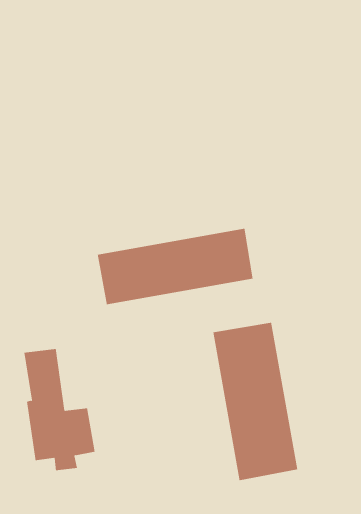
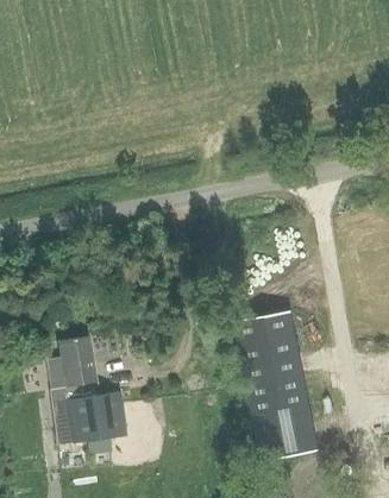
building: [97,228,253,305] -> none

